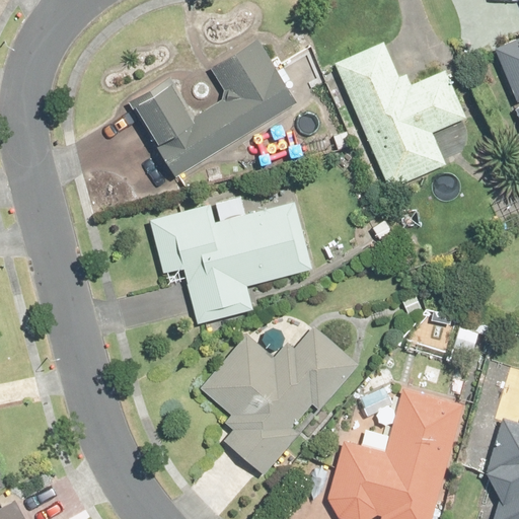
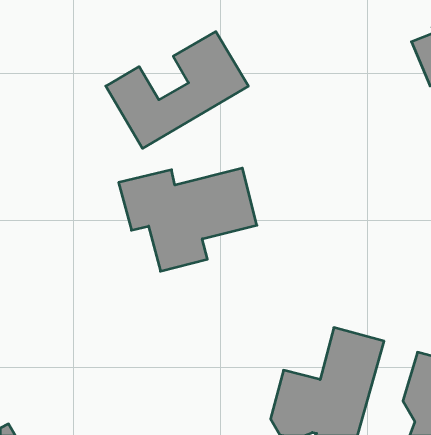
building: [336,45,464,188] -> none
building: [200,323,363,472] -> none

